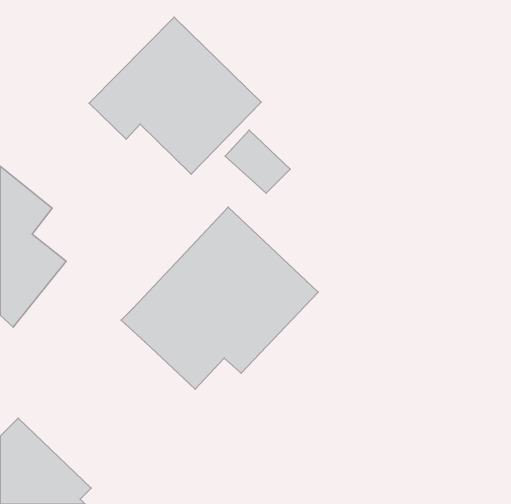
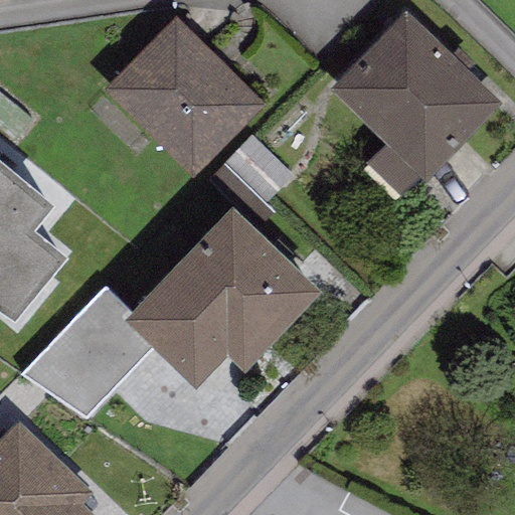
building: none -> [329,12,500,193]
building: none -> [21,284,146,414]

